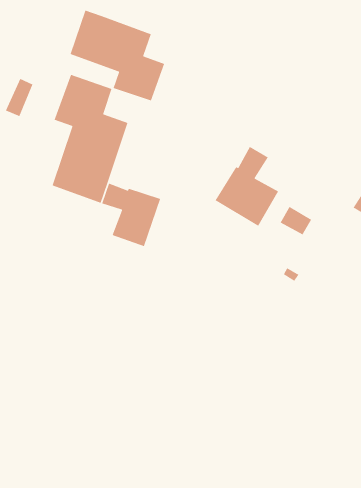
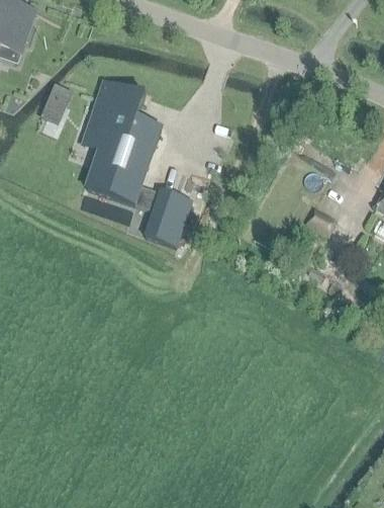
building: [69,9,165,102] -> none
building: [214,146,279,227] -> none

